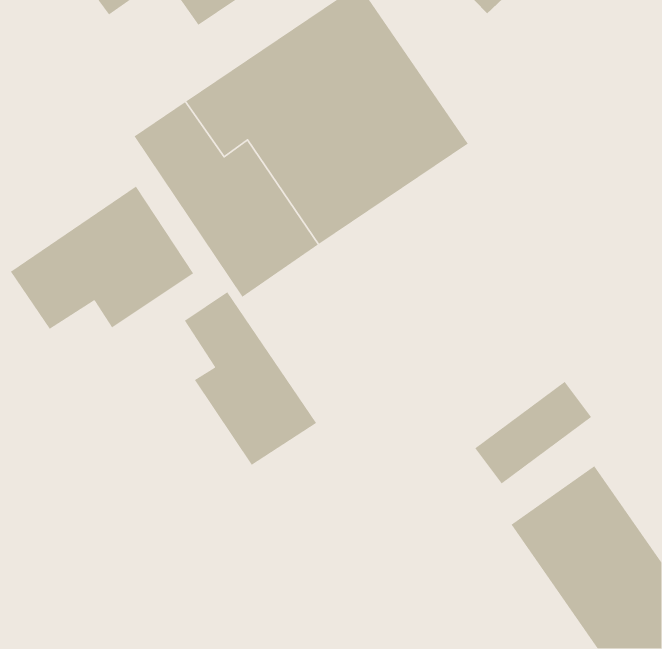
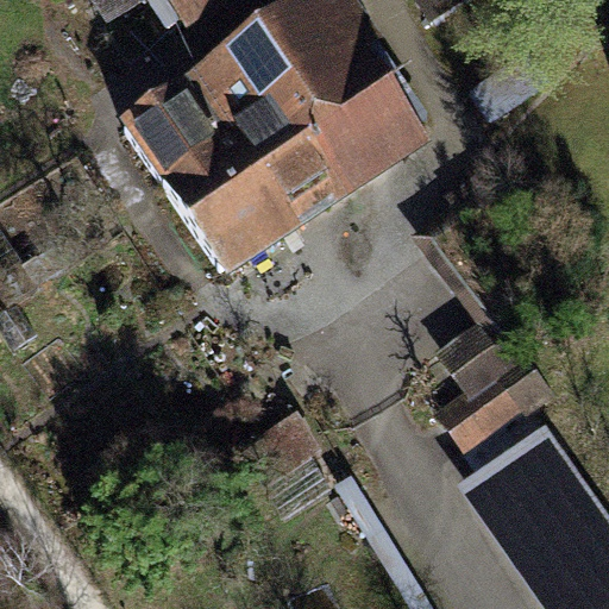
building: [10,186,194,330] -> none
building: [184,291,317,466] -> none

